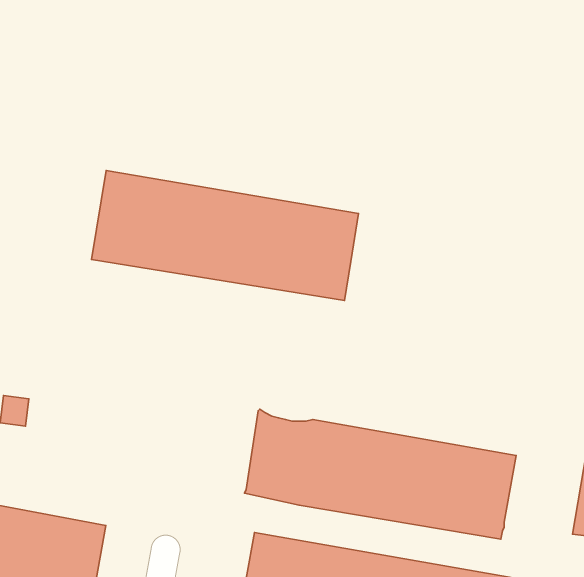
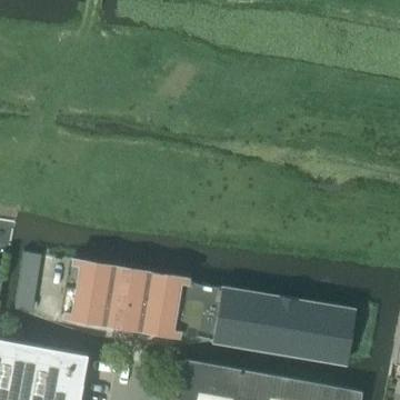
building: [91,171,358,301] -> none
building: none -> [64,261,188,334]

